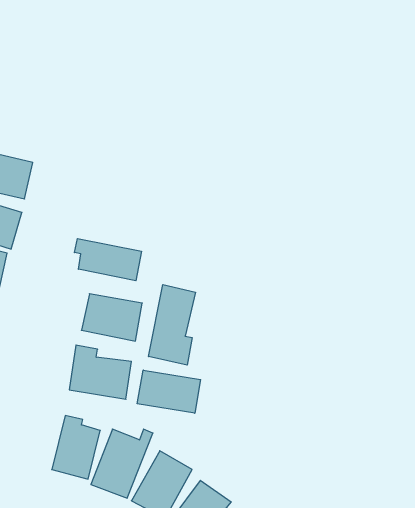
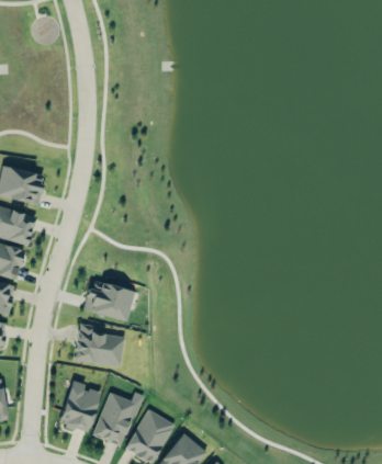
building: [74,239,141,281] -> none
building: [149,285,195,365] -> none
building: [137,370,201,413] -> none

